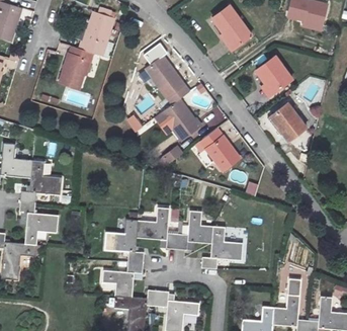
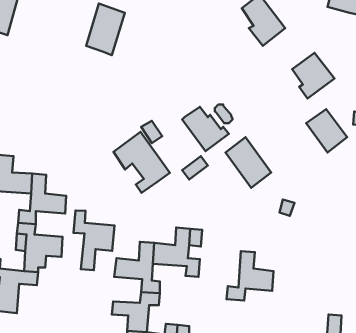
building: [60,48,93,90] -> none
building: [140,59,188,111] -> [114,132,170,193]
building: none -> [74,211,114,270]
building: [176,210,212,250] -> none

